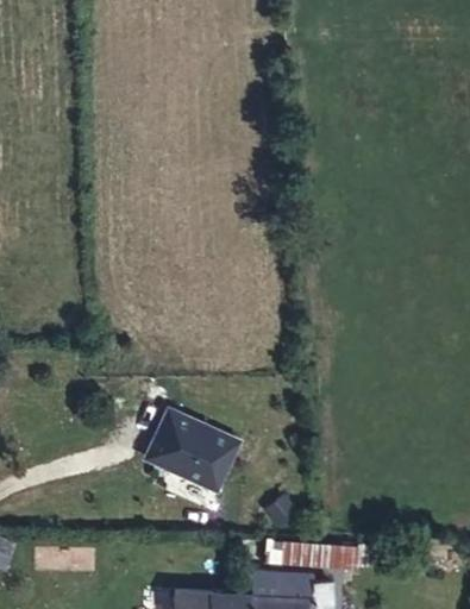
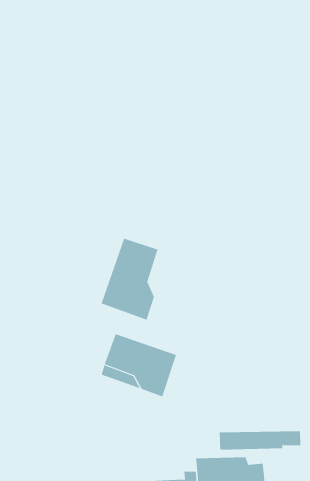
building: none -> [101,238,158,320]

